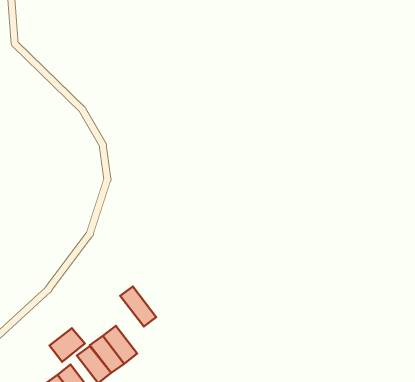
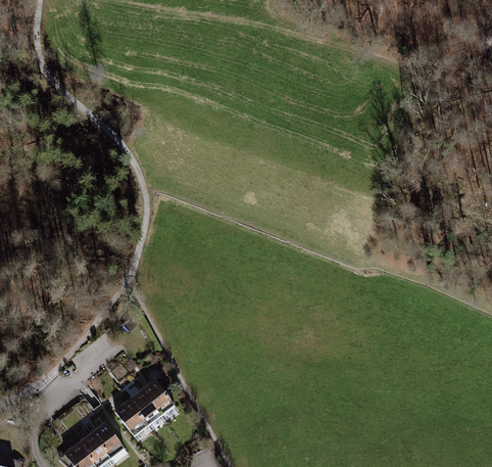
building: [120,287,156,326] -> none
building: [49,328,85,362] -> none

